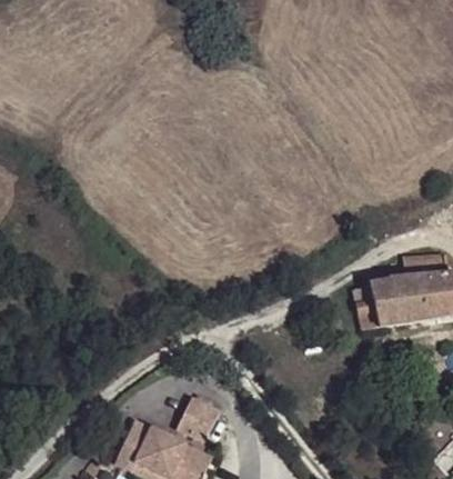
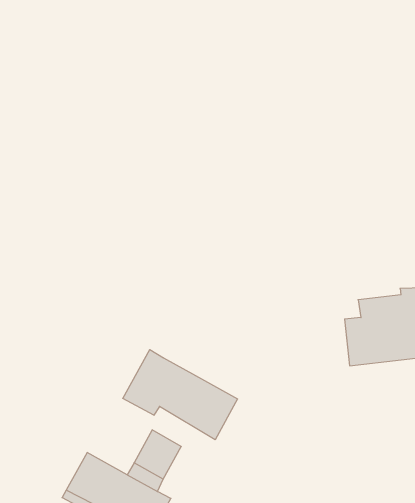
building: none -> [123,350,238,440]

